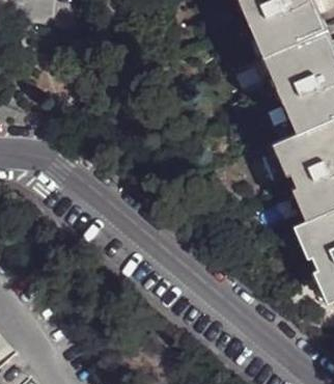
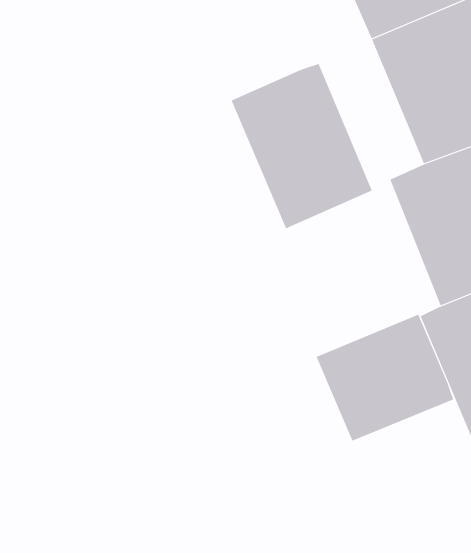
building: none -> [231,63,373,229]
building: none -> [316,314,454,442]

